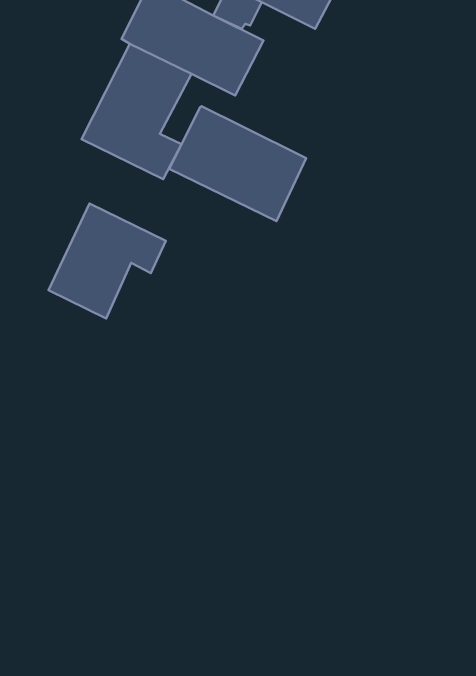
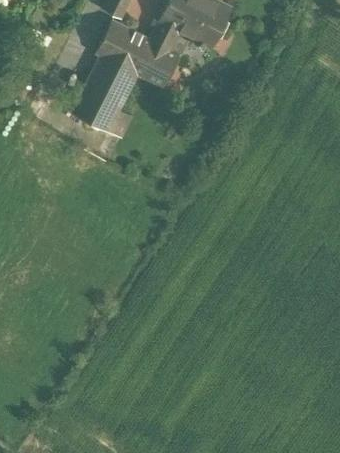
building: [169,106,306,221] -> none
building: [49,203,166,318] -> none

